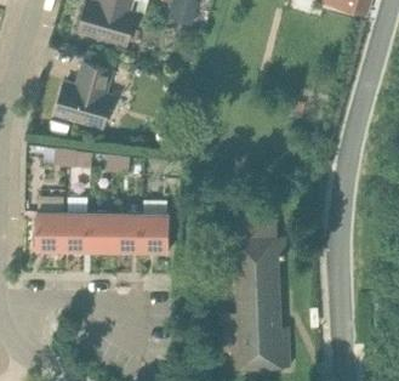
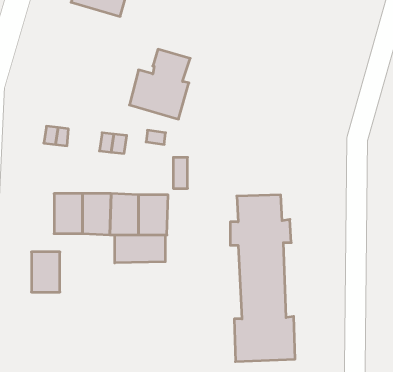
building: [56,63,113,129] -> [129,49,190,119]
building: [36,212,63,250] -> [31,252,60,292]
building: none -> [115,235,165,263]

